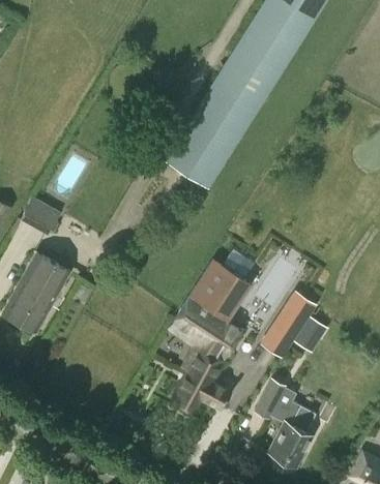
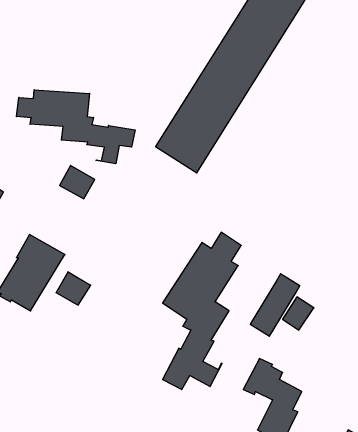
building: none -> [17,90,135,164]
building: [21,199,57,233] -> [60,165,95,199]
building: none -> [56,272,91,305]

